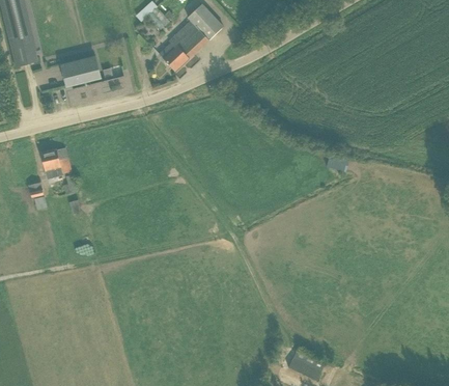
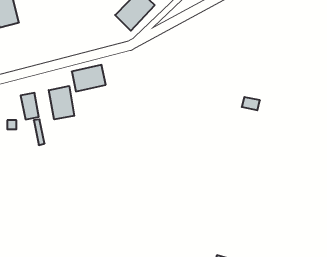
building: [63,53,106,86] -> [72,65,106,91]
building: none -> [49,86,74,119]

